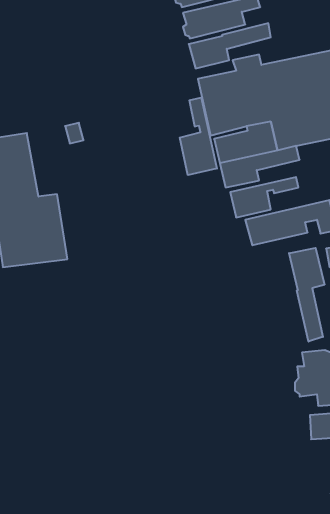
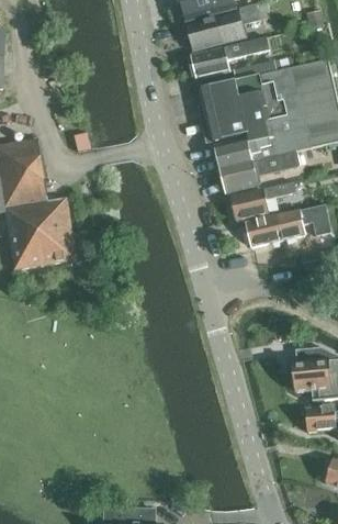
building: [180,98,217,175] -> none
building: [289,248,324,342] -> none

